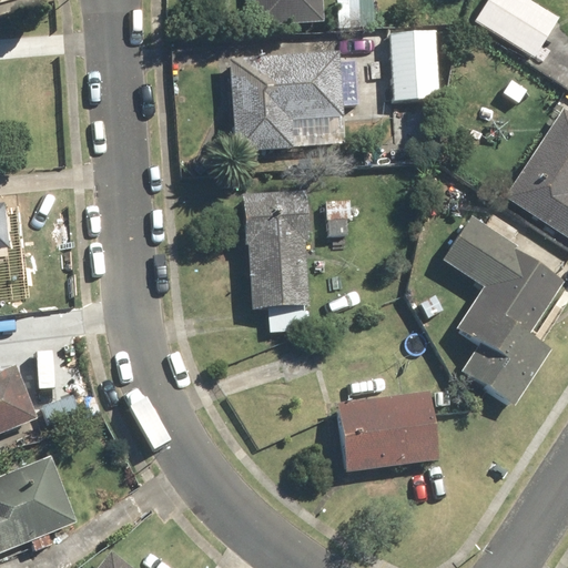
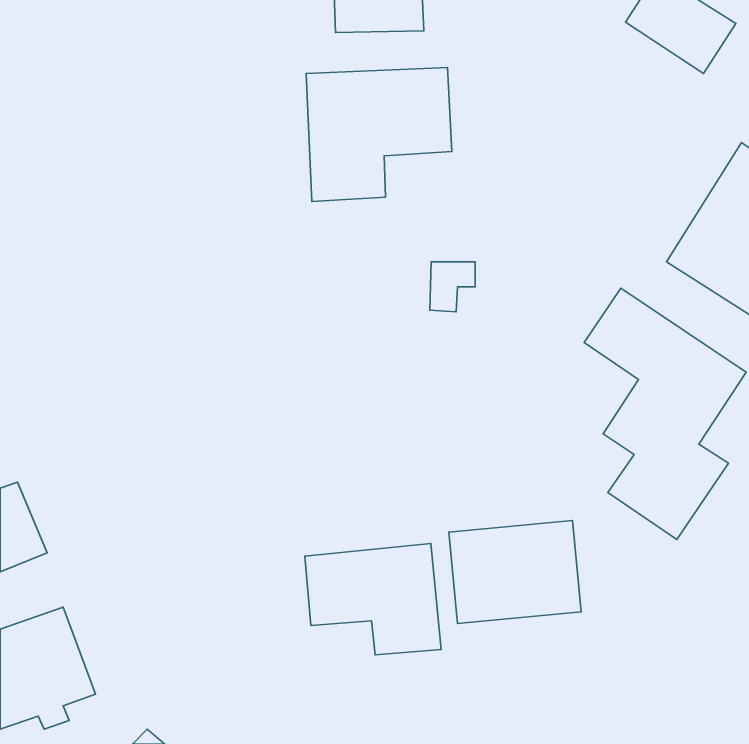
building: [392,30,439,99] -> none
building: [244,189,310,332] -> none
building: none -> [305,544,441,655]

